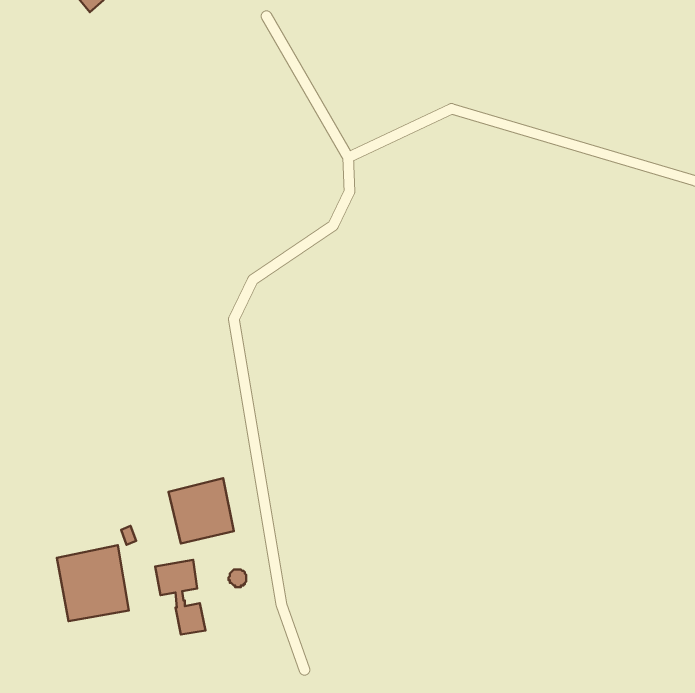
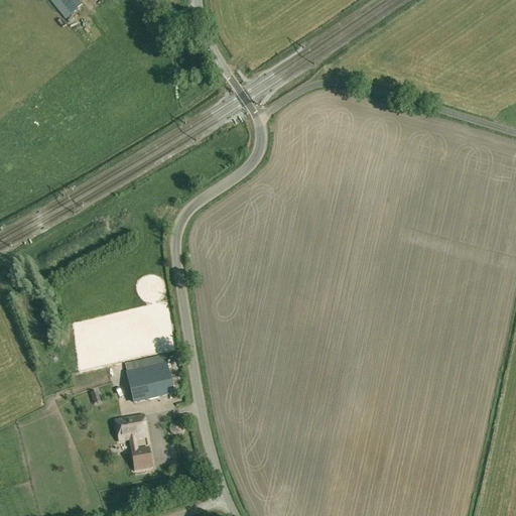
building: [57,545,129,621] -> none

